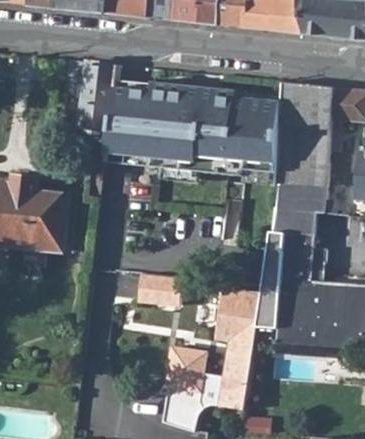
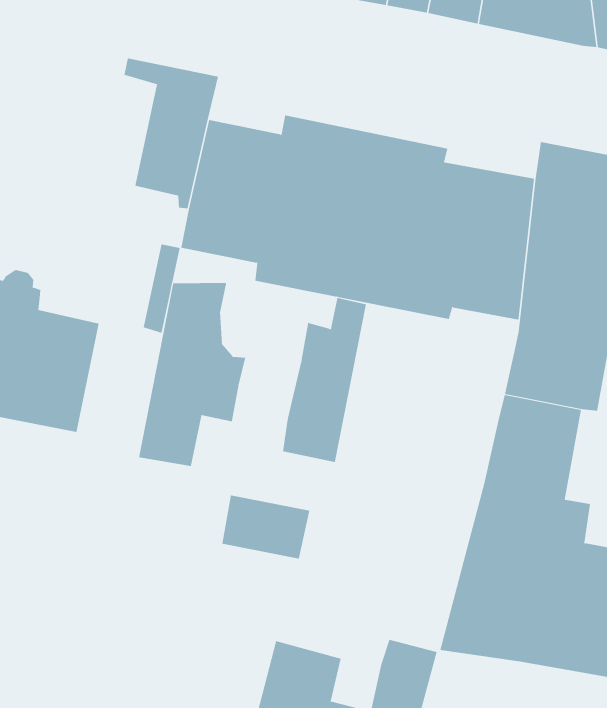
building: none -> [139,282,246,467]
building: none -> [283,297,366,463]
building: [217,288,263,344] -> none

